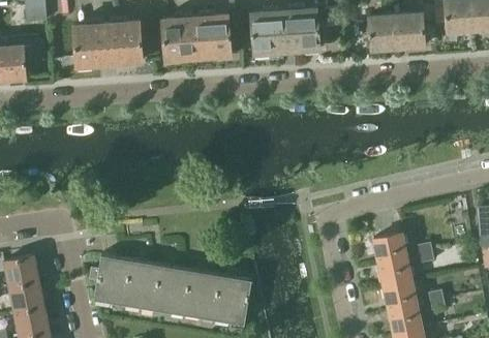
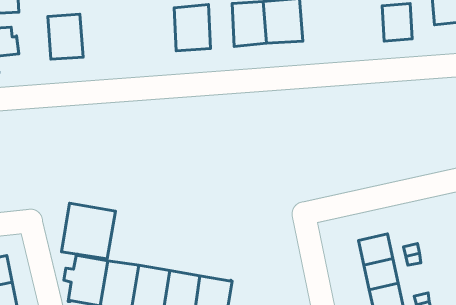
building: [369,14,398,51] -> none
building: [162,17,197,60] -> none
building: [104,21,143,64] -> none
building: none -> [61,203,115,259]

